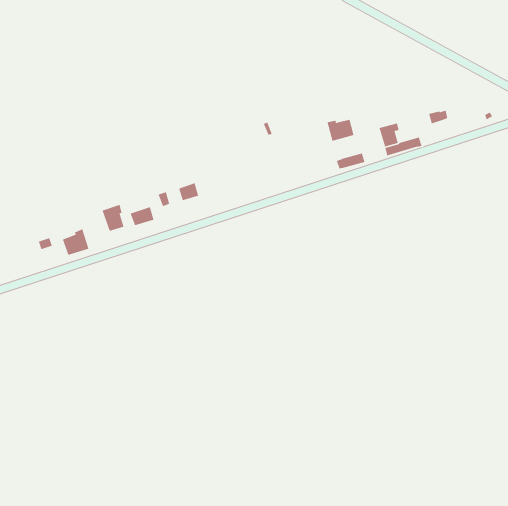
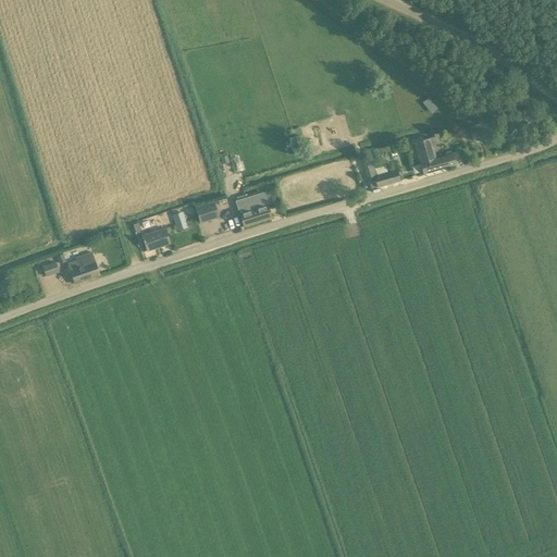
building: [326,119,354,142] -> none
building: none -> [235,189,270,223]
building: [102,204,124,232] -> none

